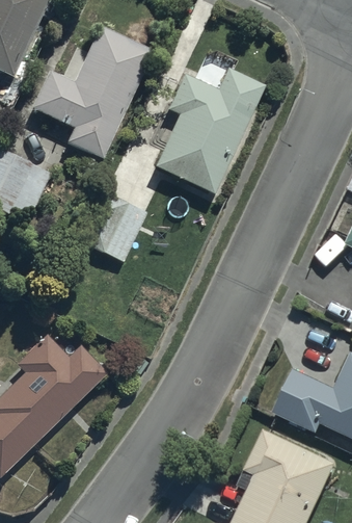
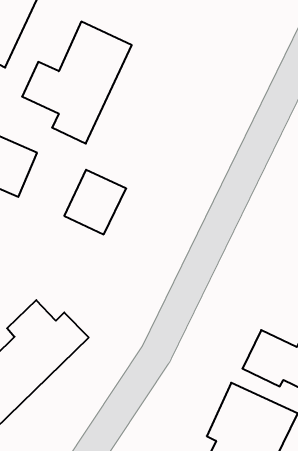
building: [154,71,262,195] -> none

